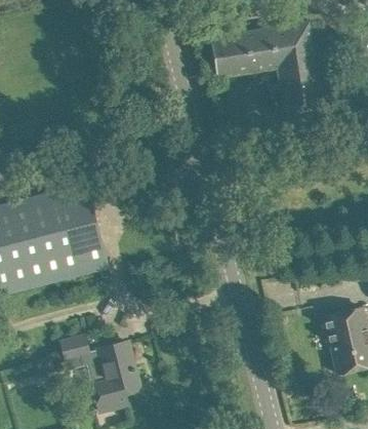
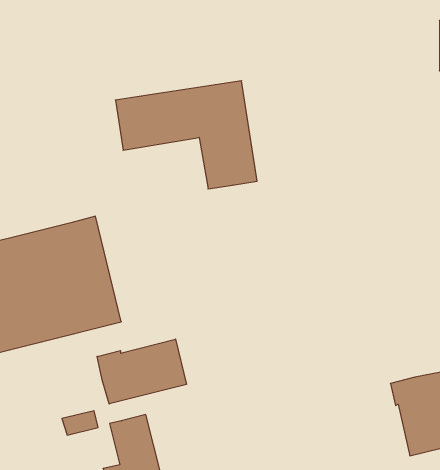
building: [210,23,323,109] -> [115,81,257,189]
building: none -> [97,339,186,404]

